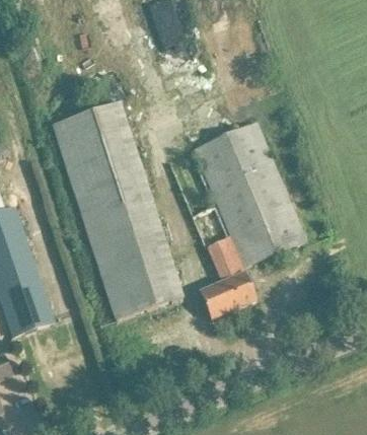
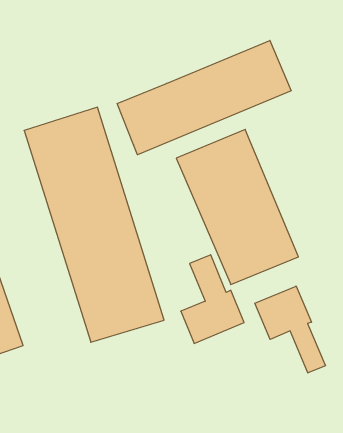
building: none -> [117,40,291,155]
building: none -> [255,286,325,373]

